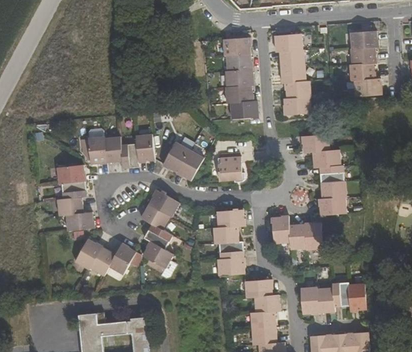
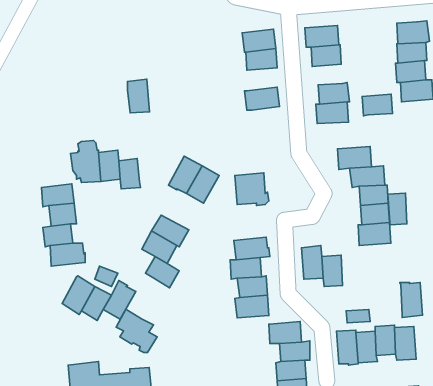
building: [281,65,306,83] -> [362,94,392,116]
building: [225,68,254,87] -> none
building: [231,100,259,118] -> none
building: [136,134,154,162] -> [128,79,149,113]
building: none -> [388,193,407,225]
building: [304,221,323,250] -> [400,282,423,317]
building: [142,242,176,278] -> [116,309,157,353]

